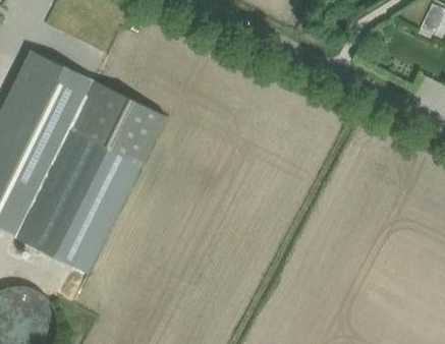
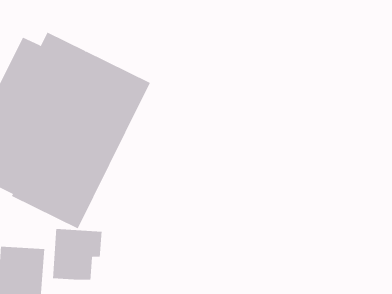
building: none -> [52,228,102,281]

